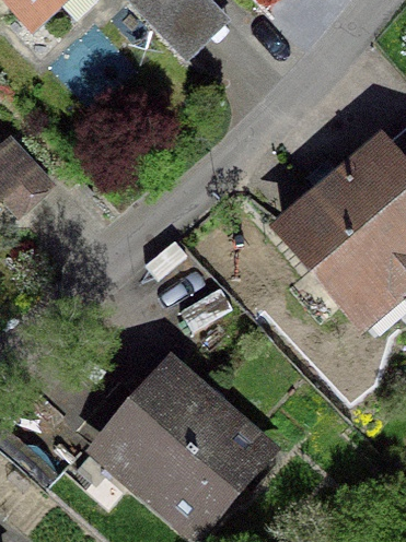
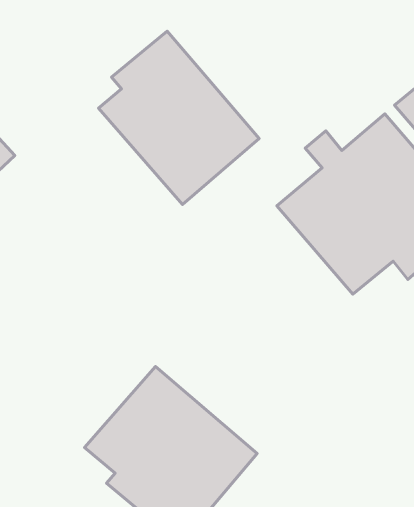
building: none -> [99,31,259,204]

